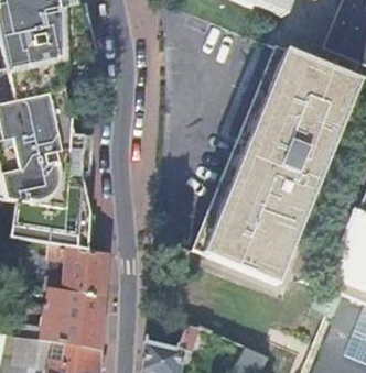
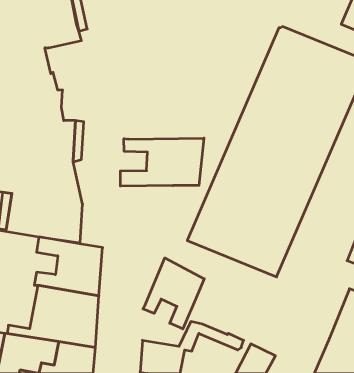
building: none -> [120,138,204,186]
building: none -> [143,258,204,329]

